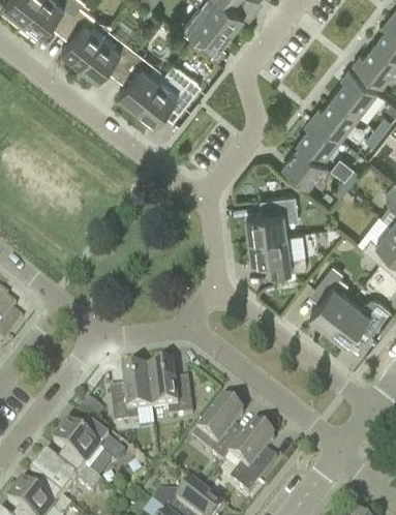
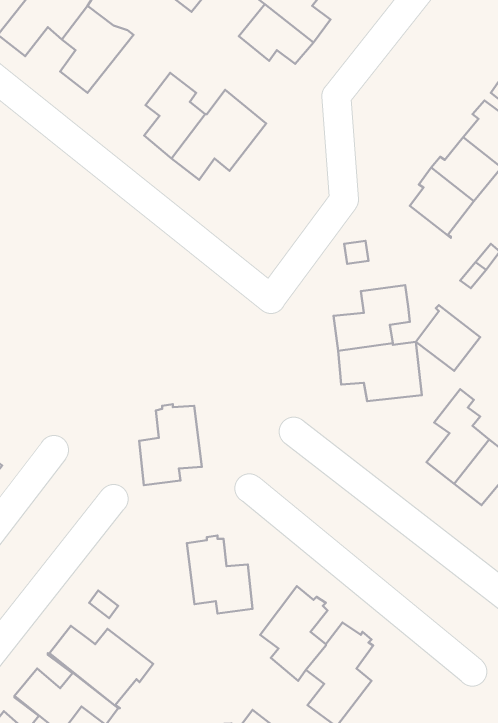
building: [81,25,136,80] -> none
building: [283,142,327,186] -> [416,305,480,371]
building: [111,369,153,424] -> [139,404,202,485]

